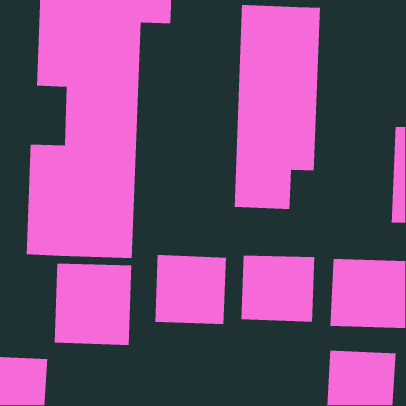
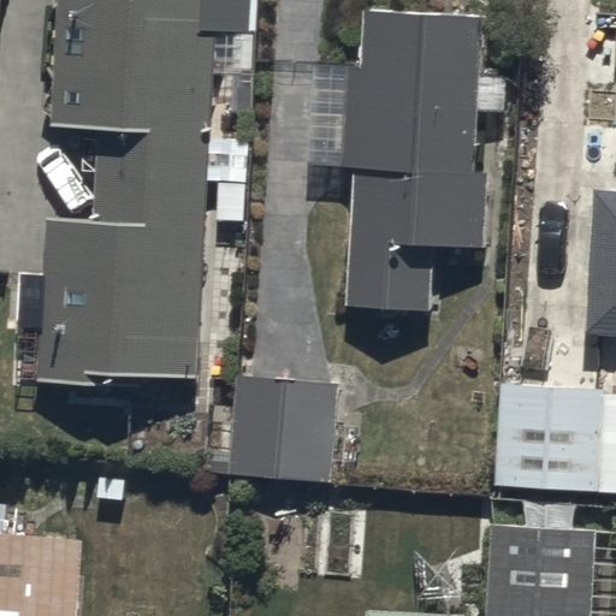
building: [240,255,315,322] -> none
building: [54,263,132,346] -> none

